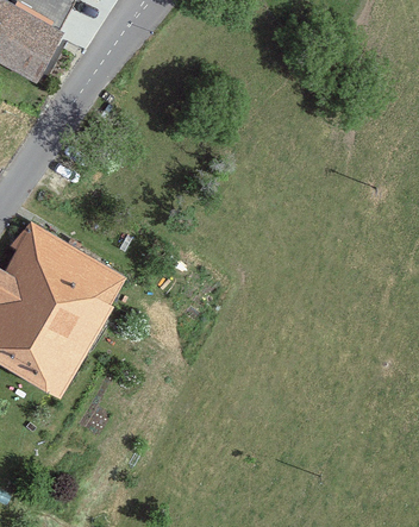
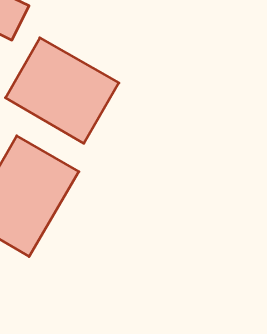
building: none -> [5,38,119,143]

